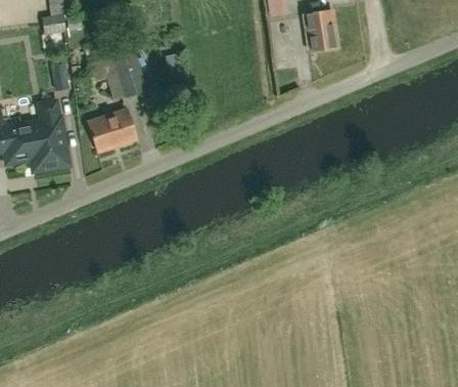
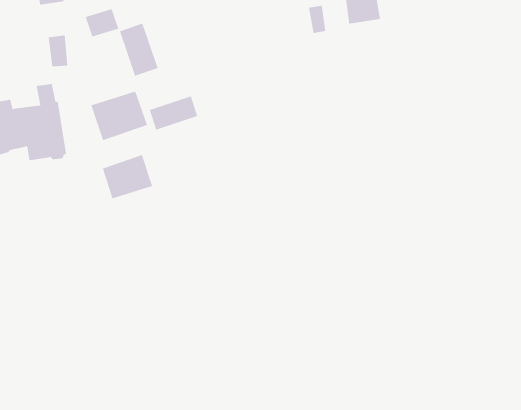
building: none -> [149,95,198,131]
building: none -> [102,154,153,199]

